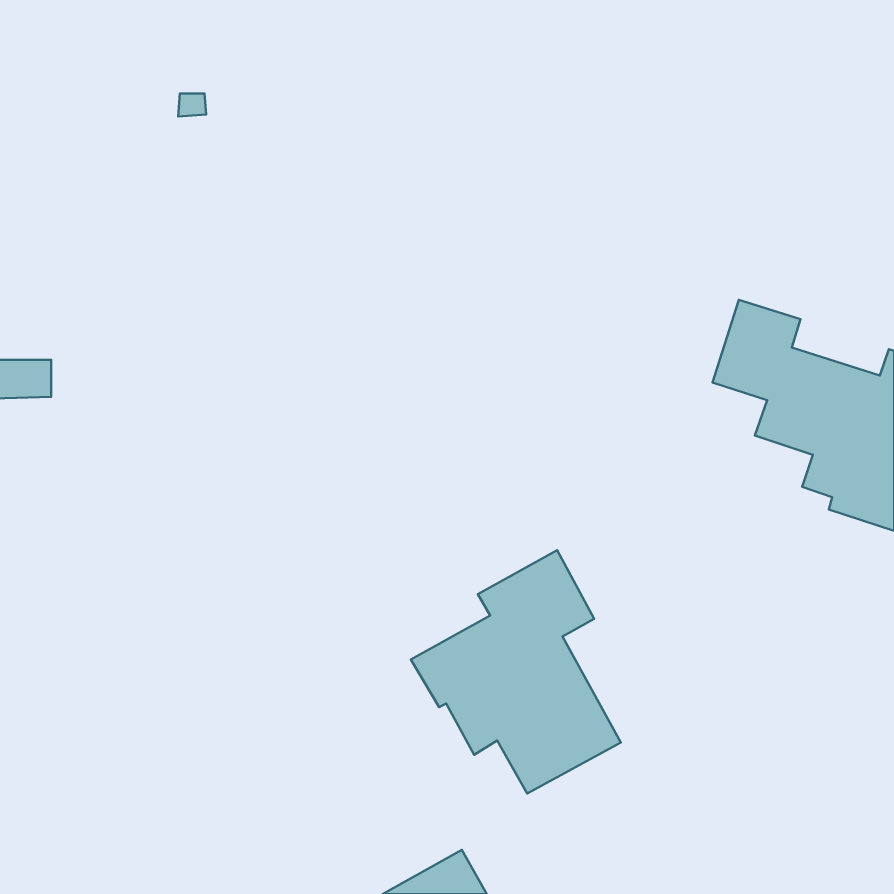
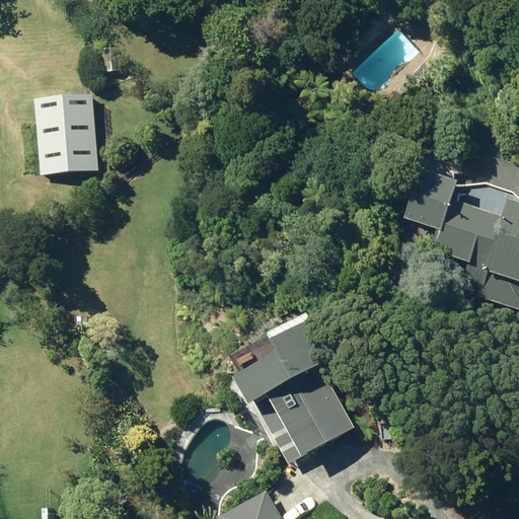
building: none -> [21,94,93,169]

